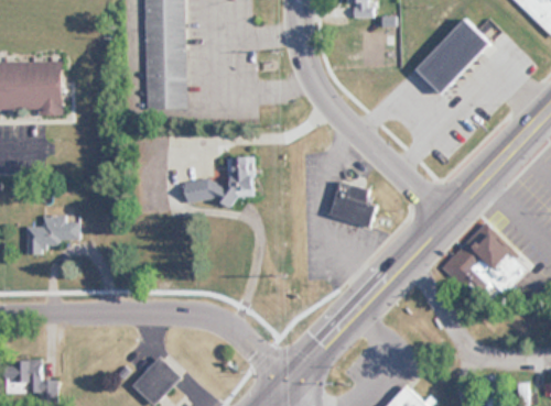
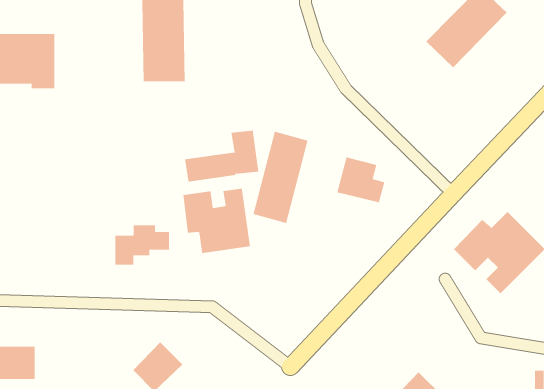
building: none -> [253,131,308,224]
building: none -> [183,188,251,254]
building: [25,216,78,254] -> [114,225,170,265]

